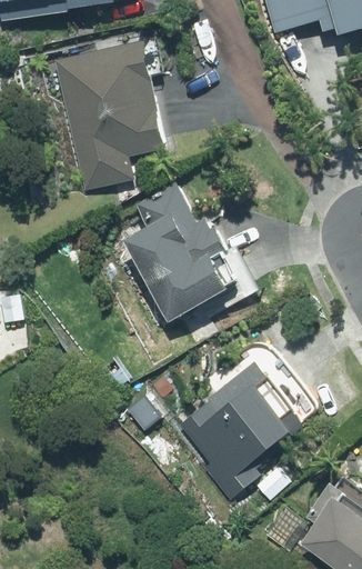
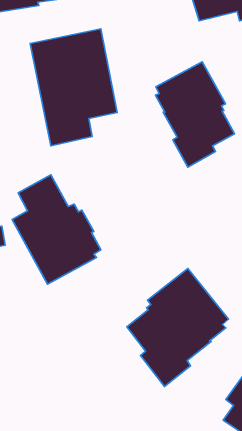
building: none -> [155,62,234,167]
building: [125,181,240,322] -> [12,175,101,284]

